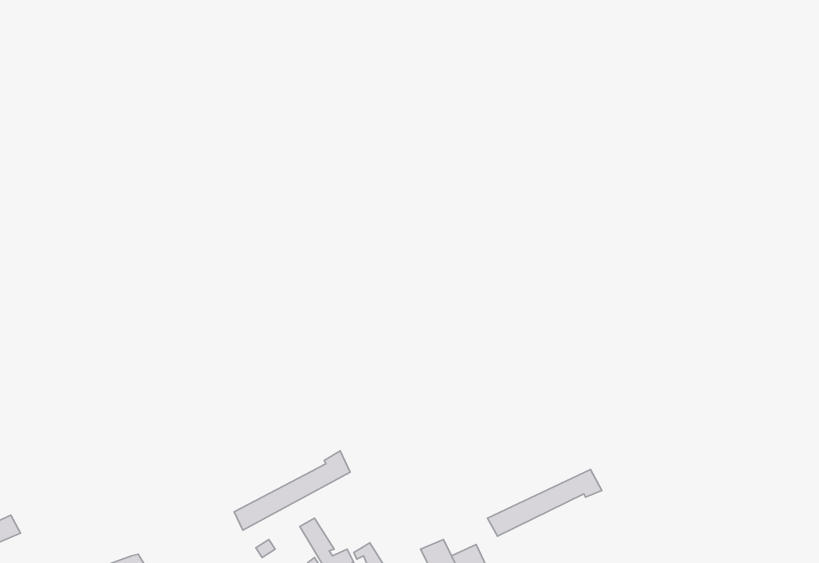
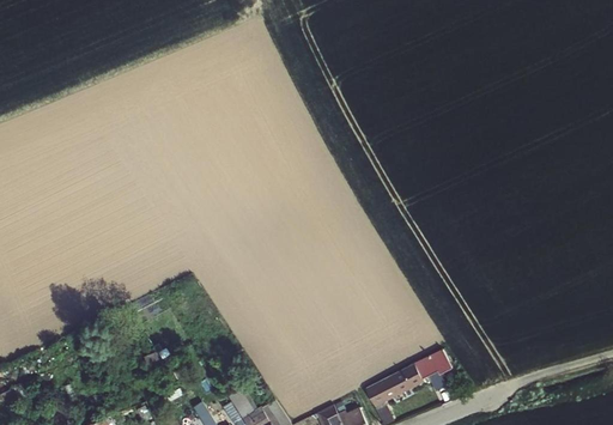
building: [234,451,350,530] -> none

